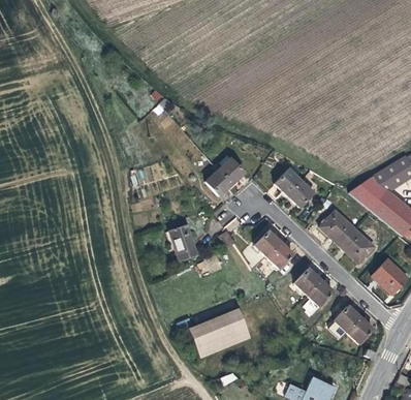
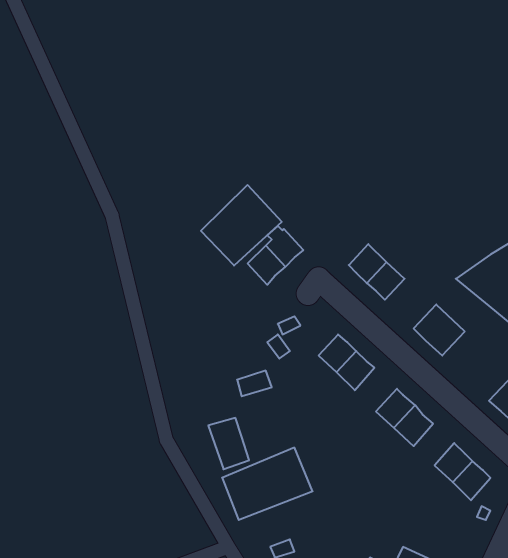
building: none -> [201,185,282,266]
building: [169,225,197,260] -> [208,418,249,469]
building: [340,228,375,264] -> none

